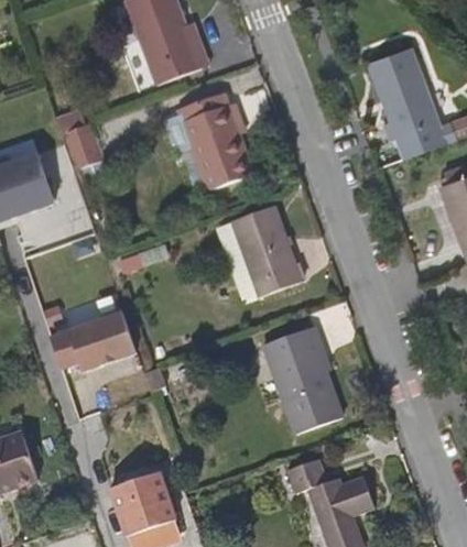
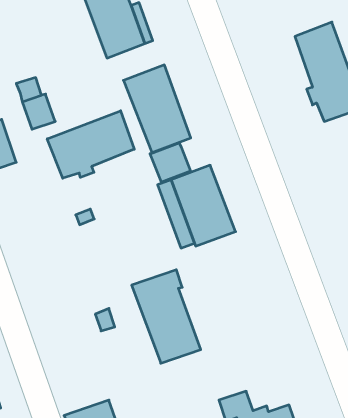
building: none -> [47,111,134,178]
building: none -> [150,143,190,182]
building: [52,313,135,370] -> none
building: [263,326,341,431] -> [132,270,201,363]

